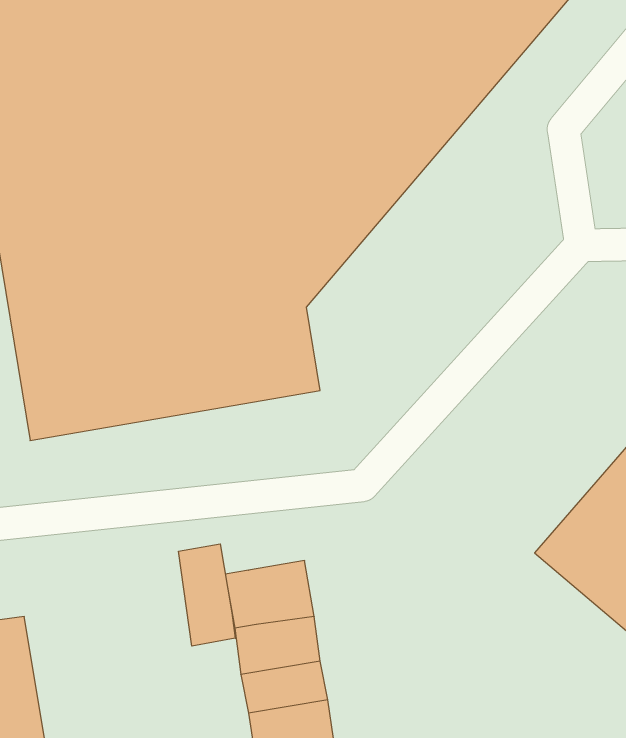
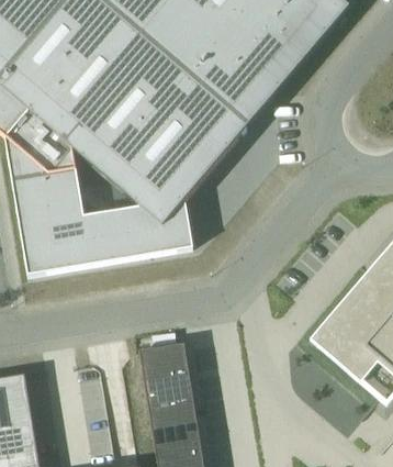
building: [179,544,235,646] -> none

